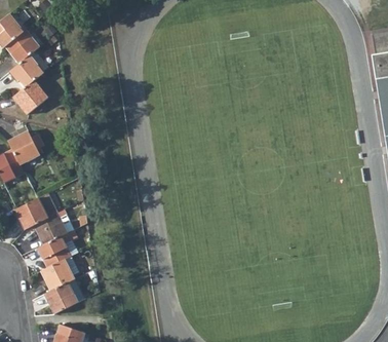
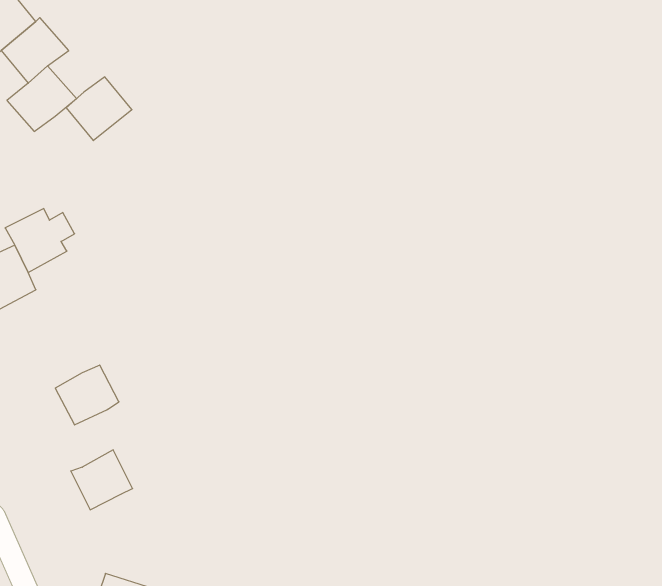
building: [11,81,46,115] -> [66,77,132,141]
building: [13,198,46,230] -> none
building: [36,237,69,268] -> none
building: [43,282,77,315] -> none

